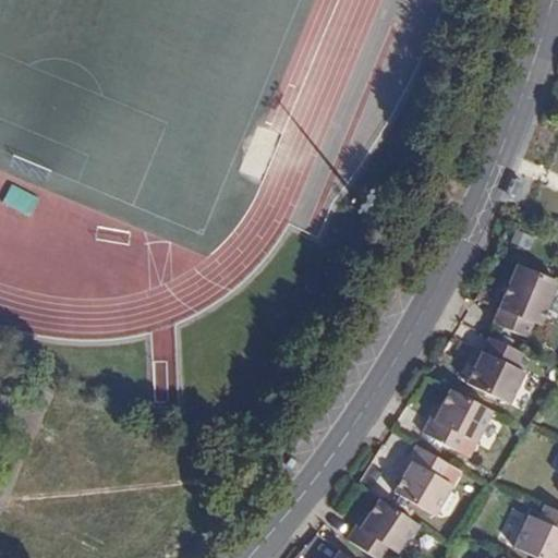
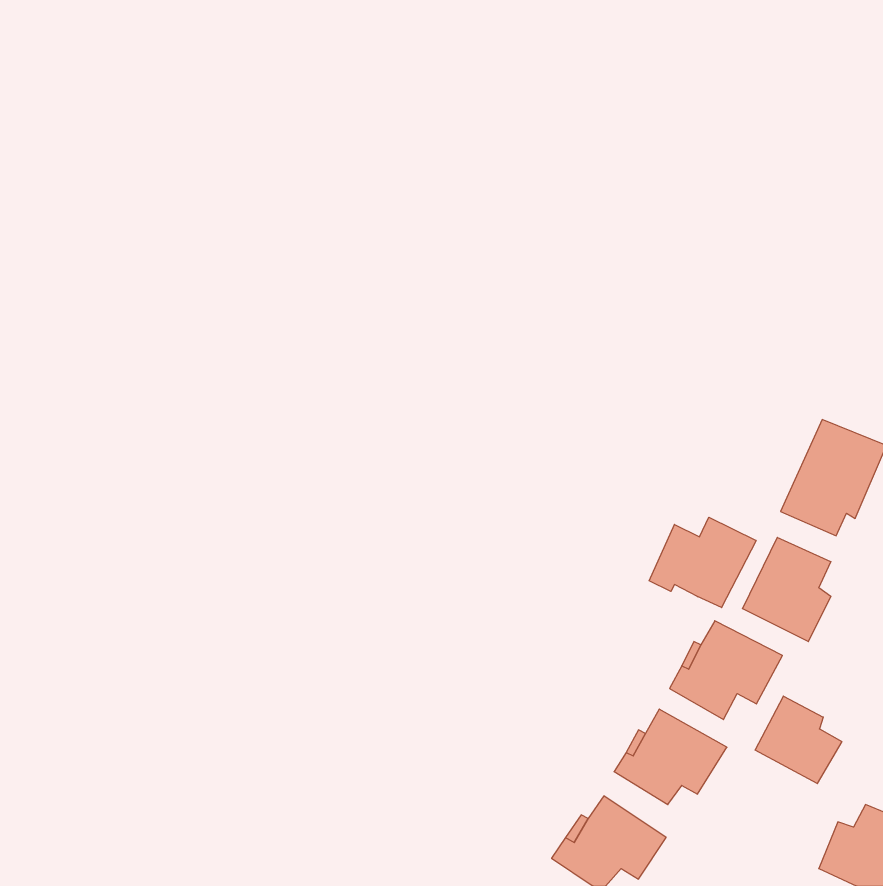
building: none -> [649,517,756,608]
building: none -> [755,696,842,784]

